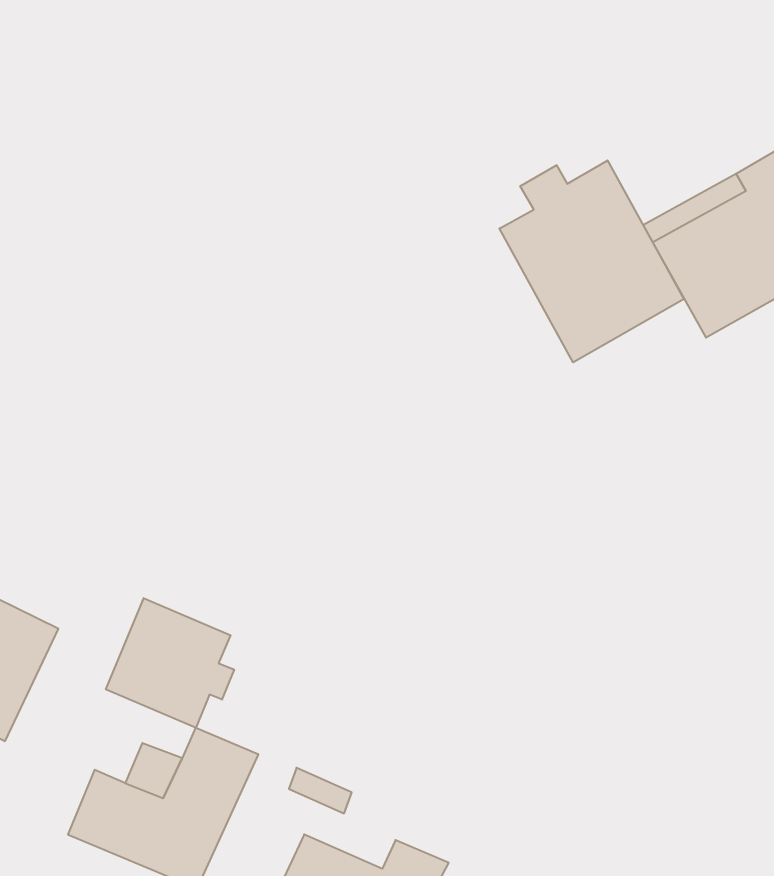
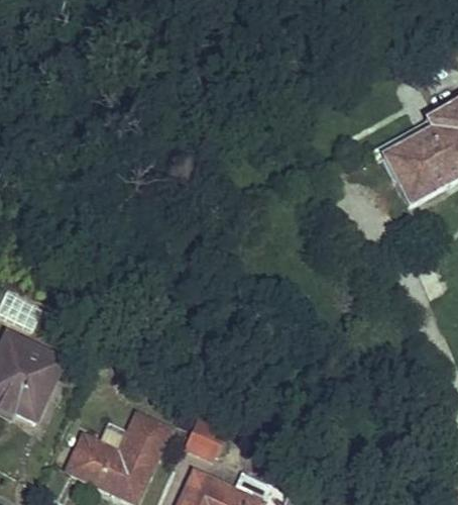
building: [499,160,684,362] -> none
building: [106,598,234,728] -> none

